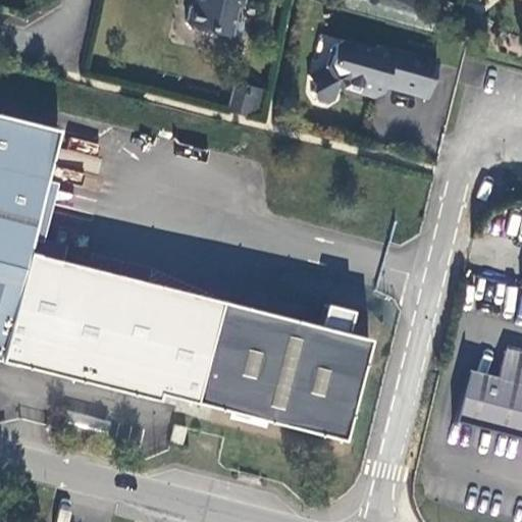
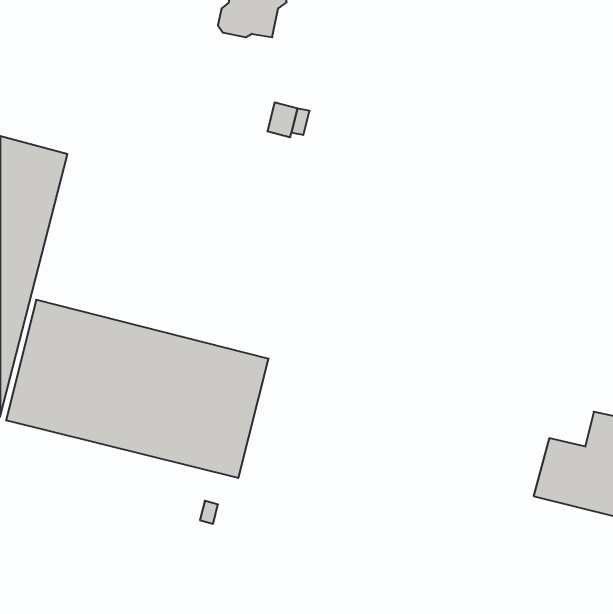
building: [309,39,438,102] -> none
building: [204,304,368,439] -> none

